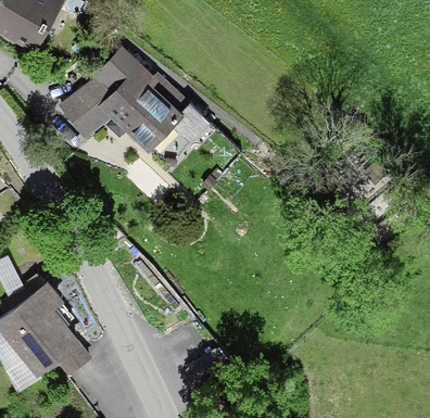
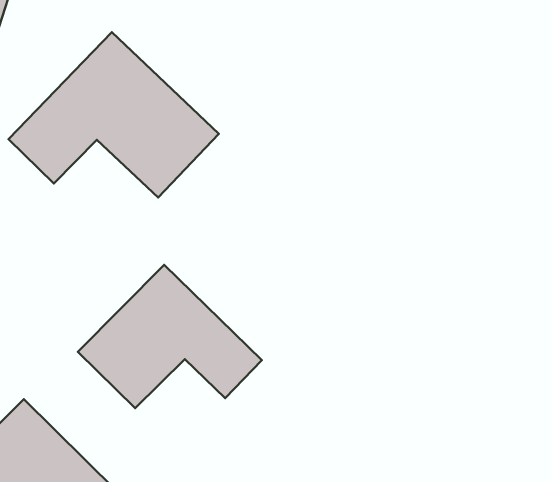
building: none -> [78,265,262,408]

